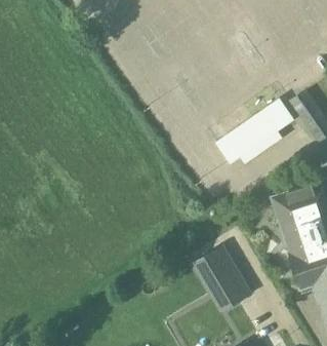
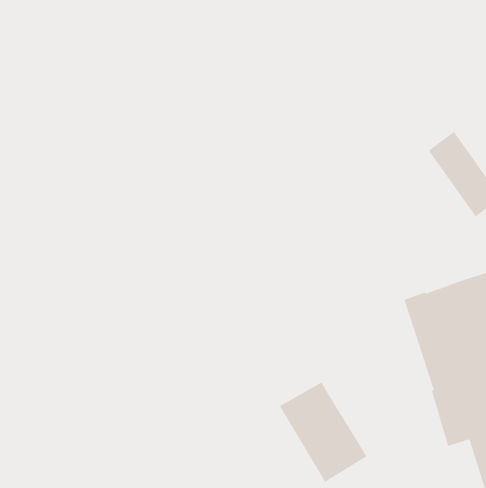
building: [215,101,292,164] -> none

